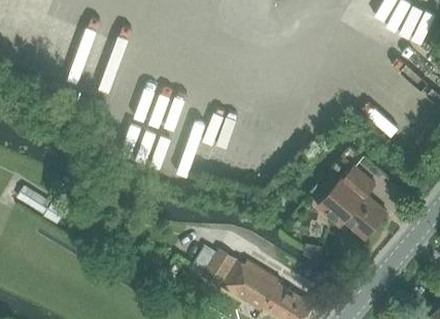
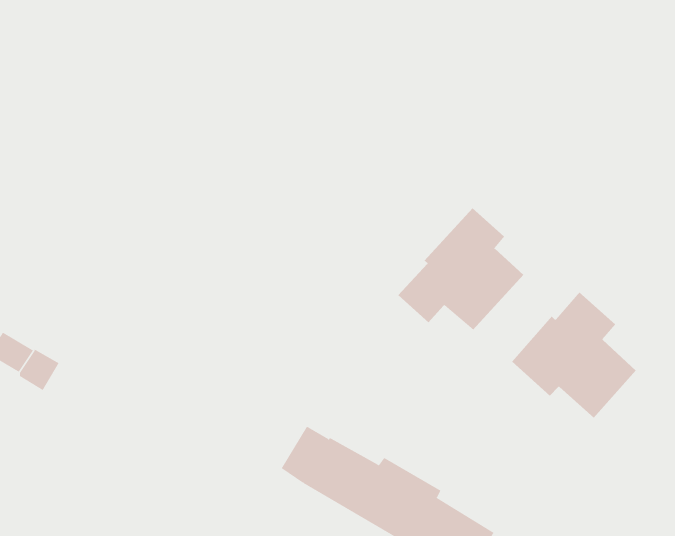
building: none -> [398,207,524,331]

